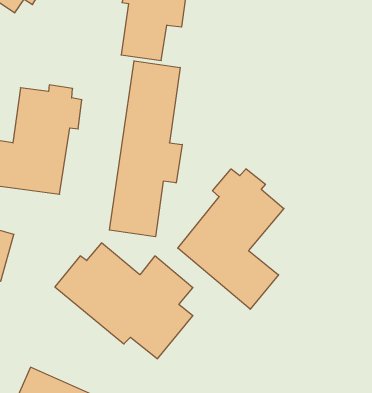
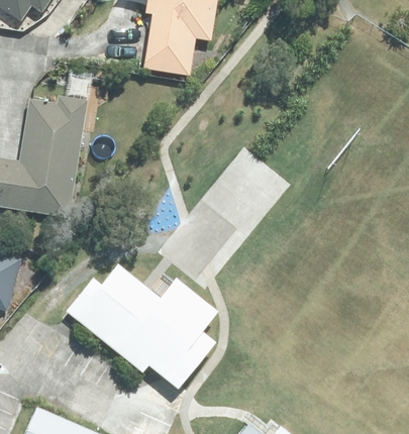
building: [109,61,182,237] -> none
building: [178,169,284,309] -> none

